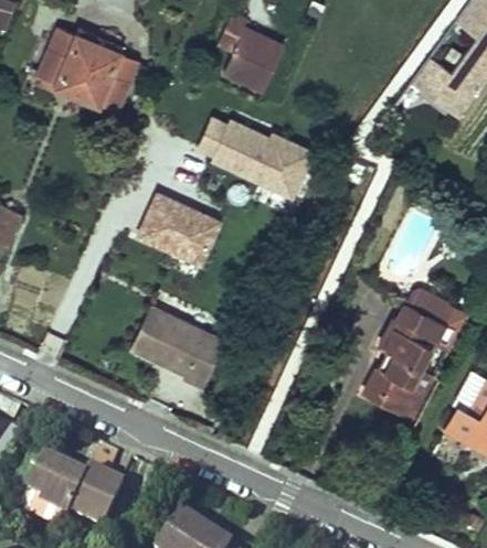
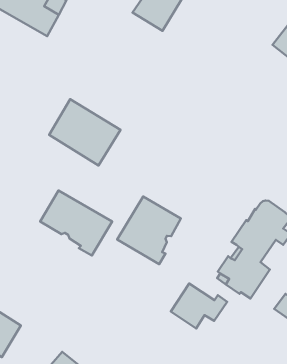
building: [191,108,314,202] -> none
building: none -> [117,196,181,264]
building: none -> [171,284,227,328]

